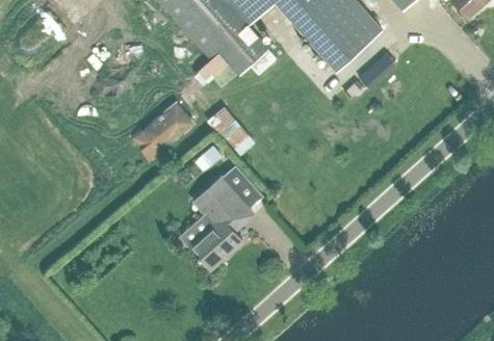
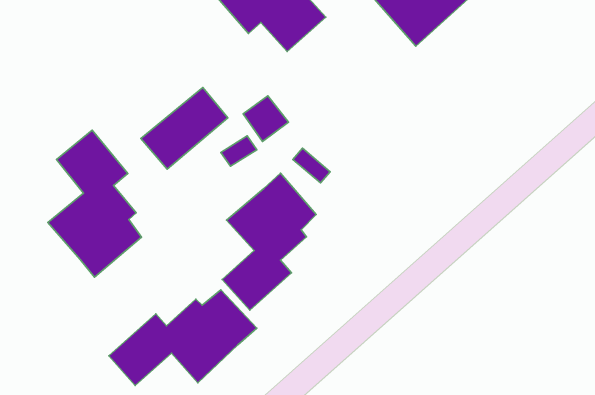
building: none -> [48,130,142,277]
building: none -> [109,290,257,385]

